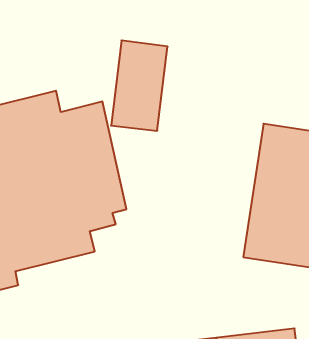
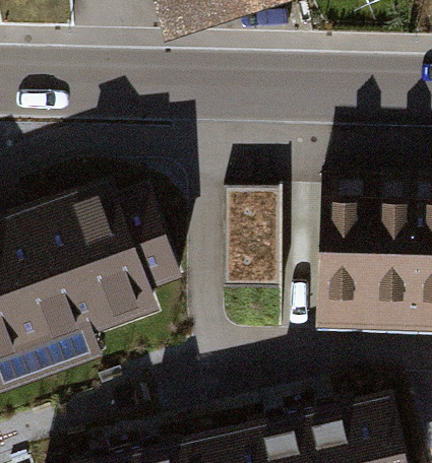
building: [111,40,168,131] -> [226,194,280,291]

